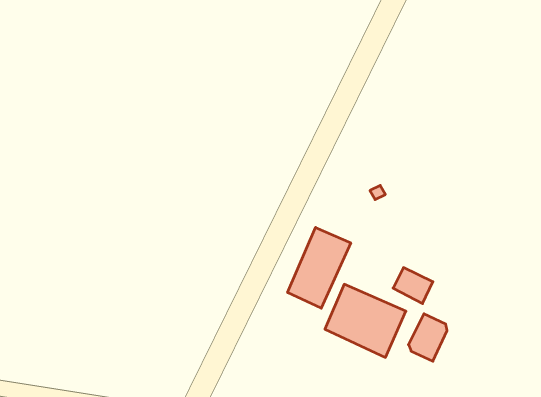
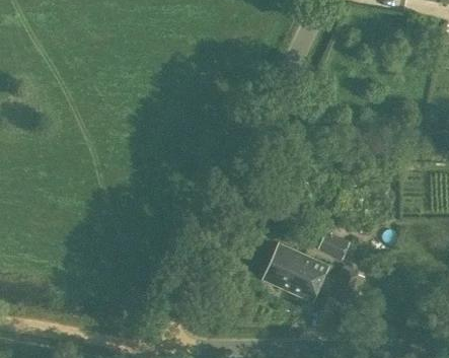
building: [288,227,351,308] -> none

